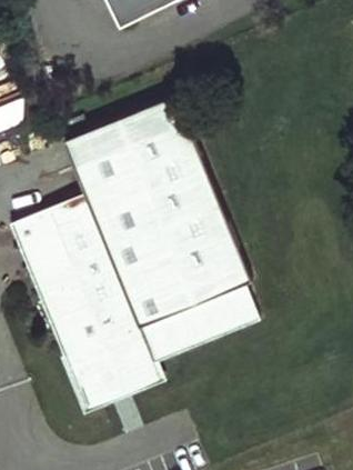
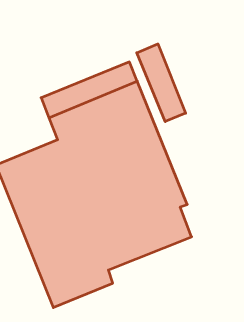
building: none -> [137,44,186,122]

